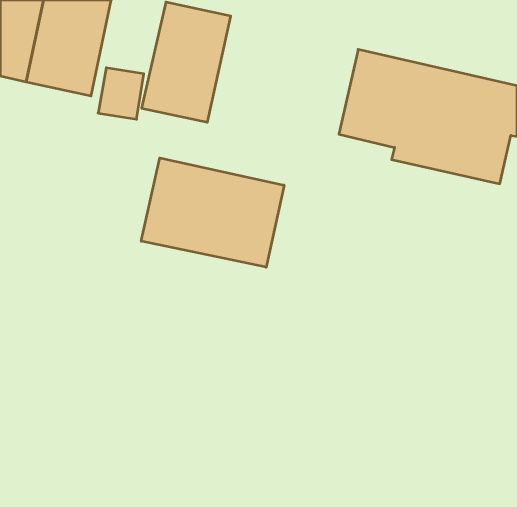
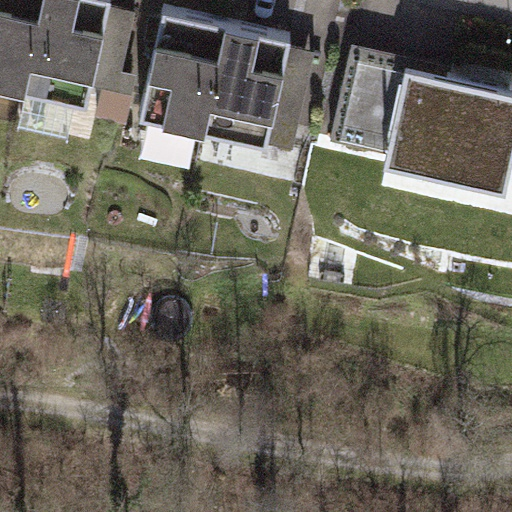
building: none -> [205,25,292,144]
building: [141,158,284,267] -> none

